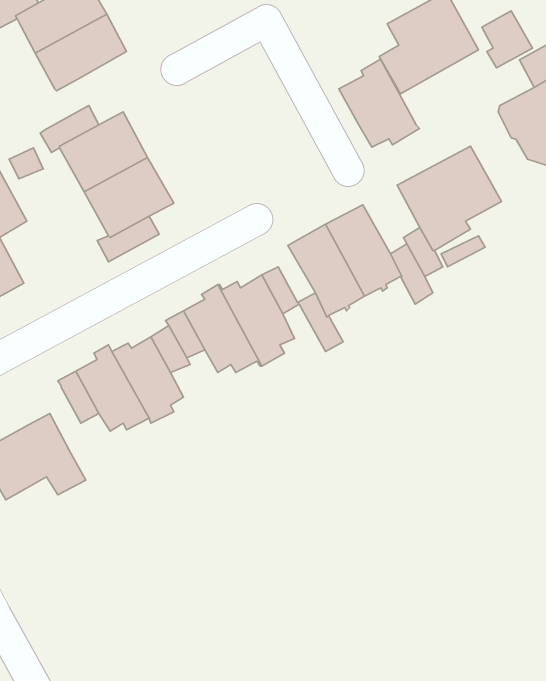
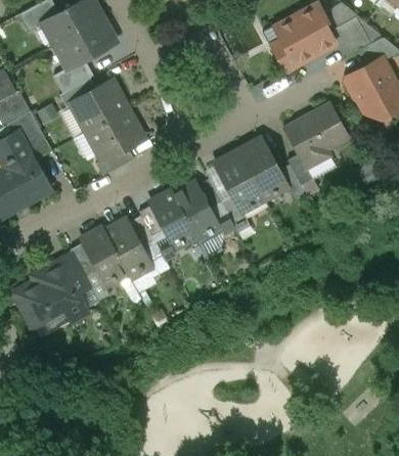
building: [339,59,420,147] -> none
building: none -> [53,60,93,93]
building: none -> [46,254,90,294]

